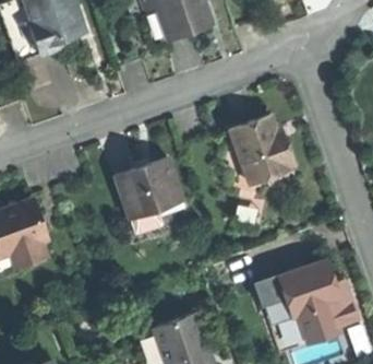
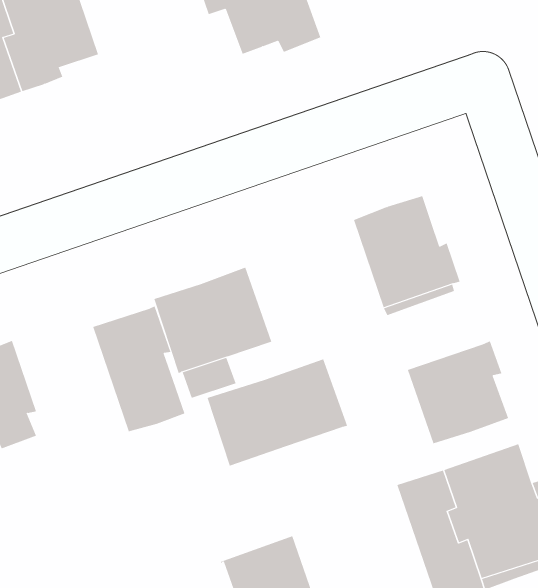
building: none -> [93,305,185,432]
building: none -> [407,340,509,444]
building: none -> [207,359,348,466]

